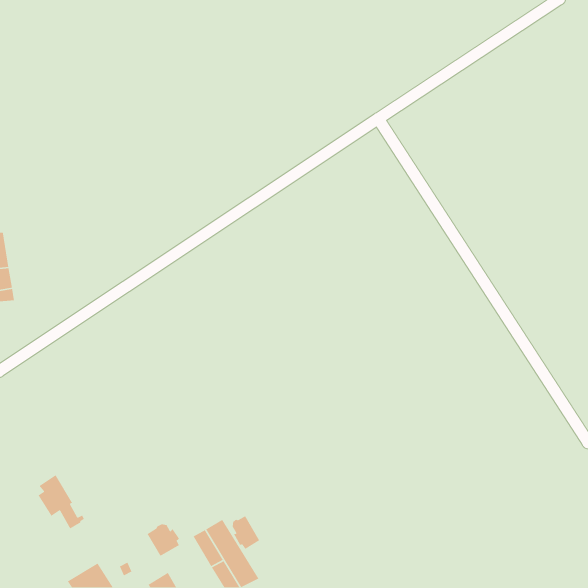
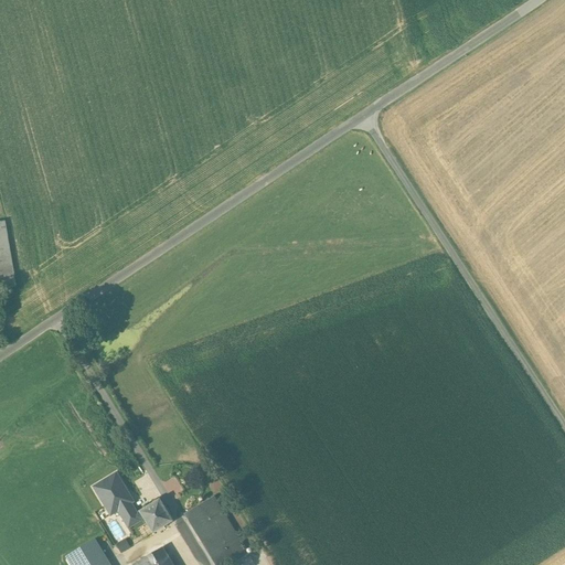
building: [37,474,85,530] -> [97,473,142,526]
building: [232,515,260,550] -> none

